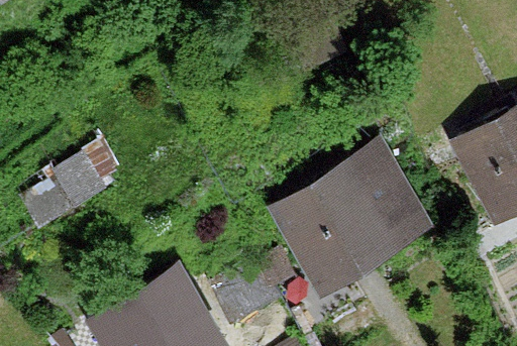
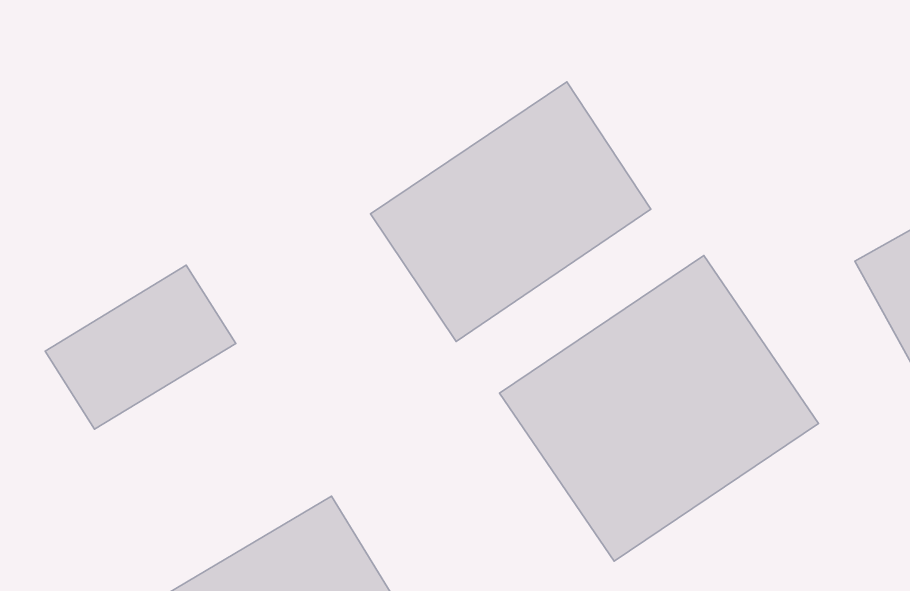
building: none -> [371,82,651,341]

